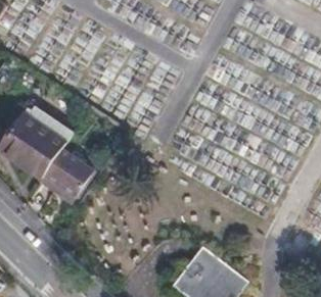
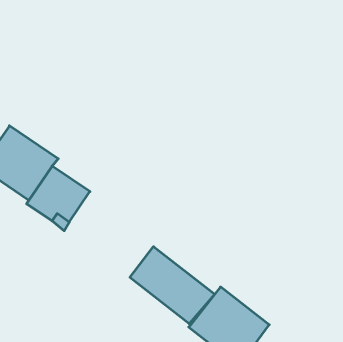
building: none -> [130,247,215,324]

